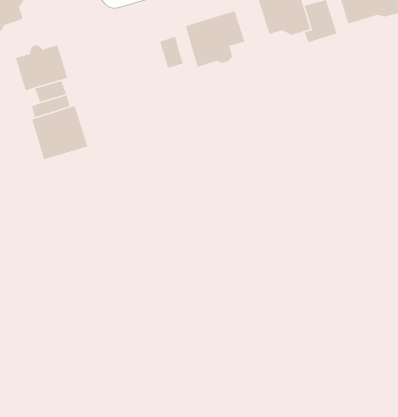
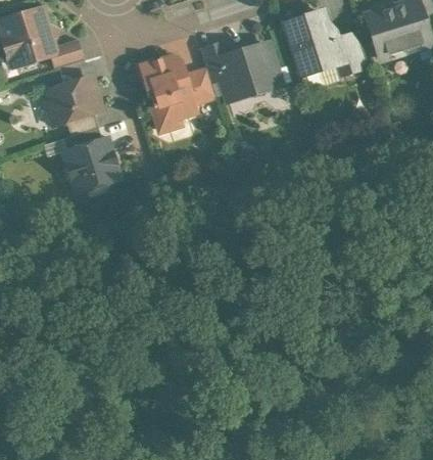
building: none -> [51,39,83,67]
building: none -> [200,42,229,81]
building: none -> [137,56,190,128]

